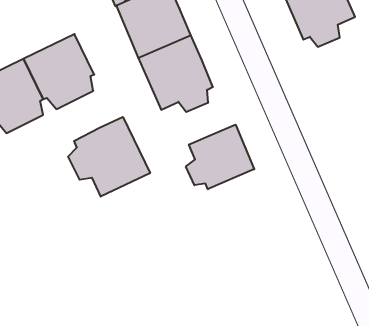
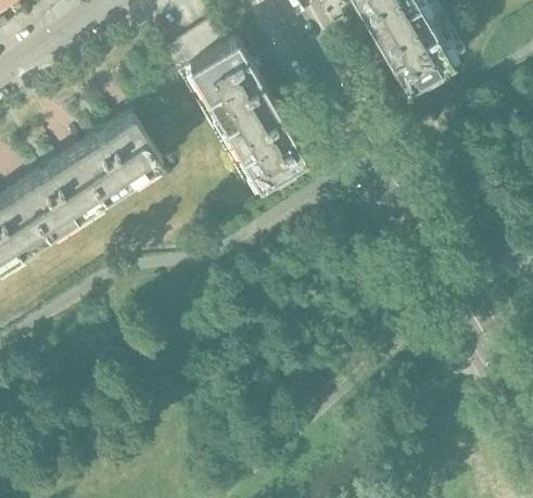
building: [68,117,150,197] -> none
building: [186,125,254,189] -> none

